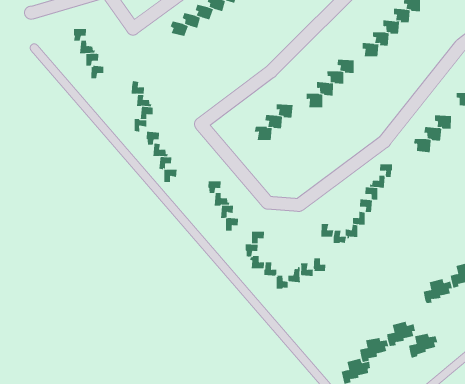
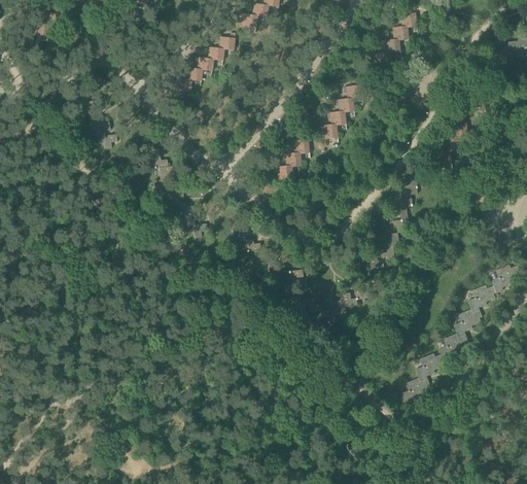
building: [408,333,438,359] -> [454,309,483,337]

